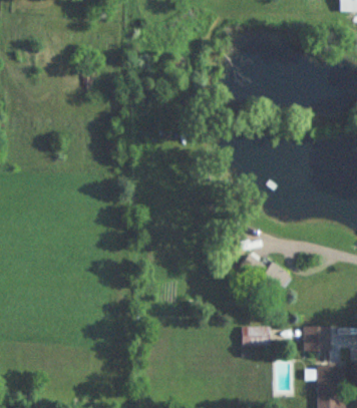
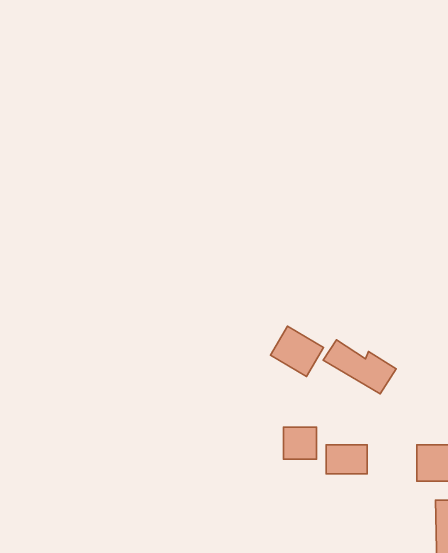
building: none -> [270,326,324,377]
building: none -> [284,427,317,459]

